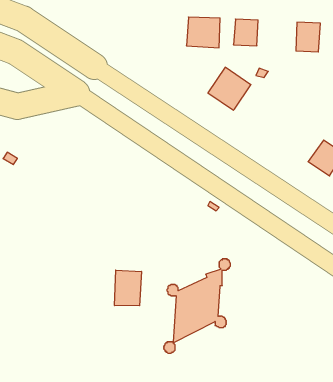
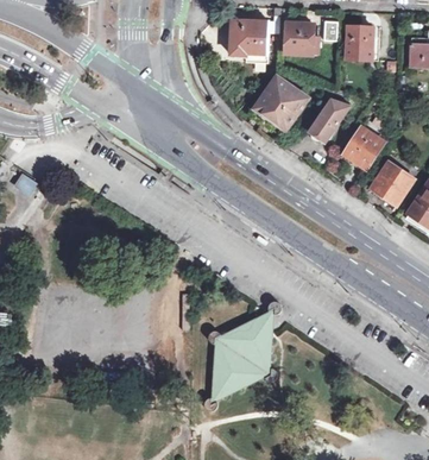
building: none -> [309,94,351,141]
building: none -> [342,127,383,169]
building: [115,270,141,306] -> none

